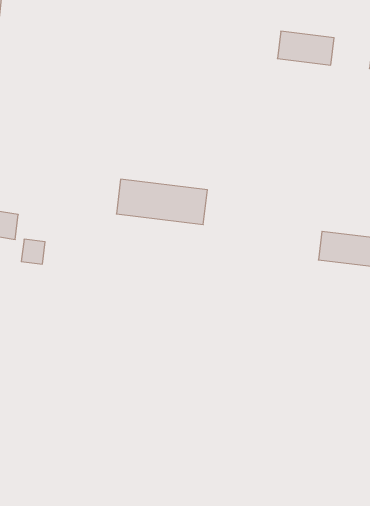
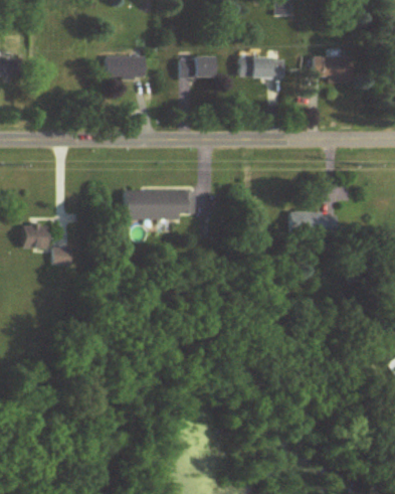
building: none -> [107,56,146,78]
building: none -> [179,55,214,77]

